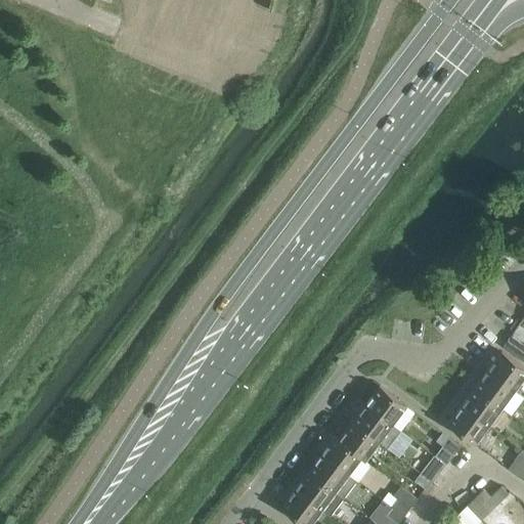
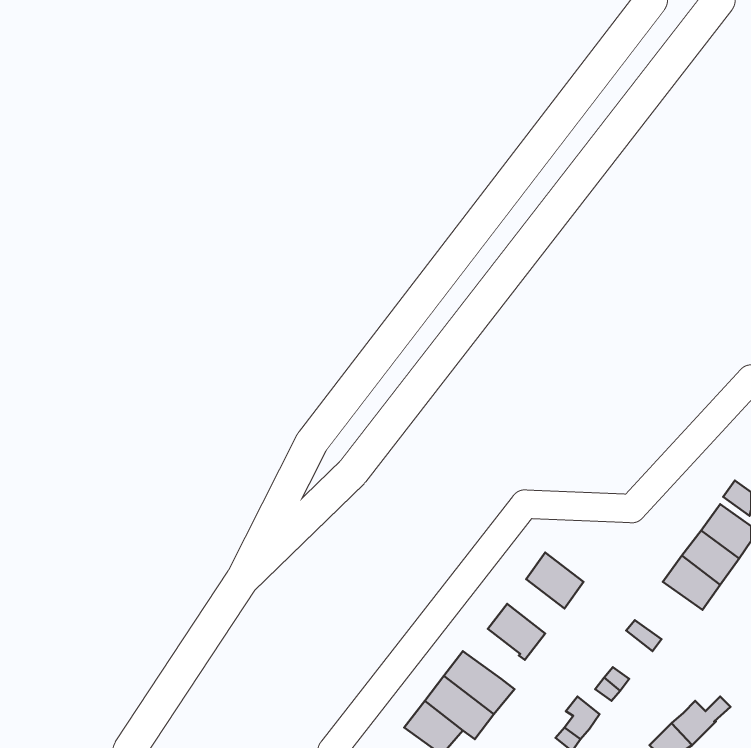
building: [353,405,400,449] -> none
building: [448,407,489,445] -> none
building: [322,437,362,475] -> none

